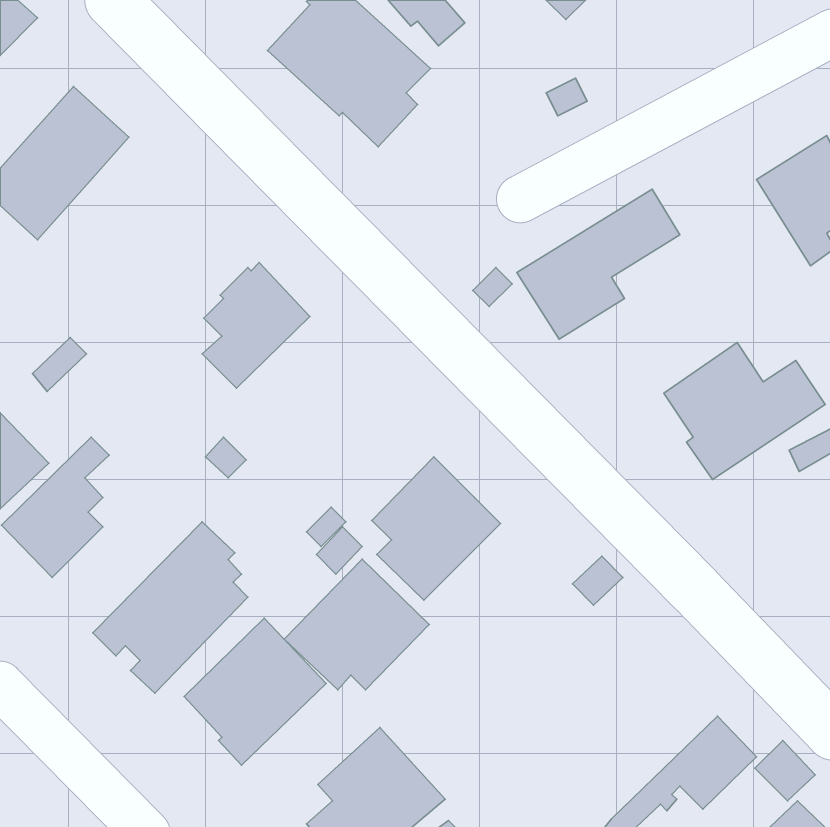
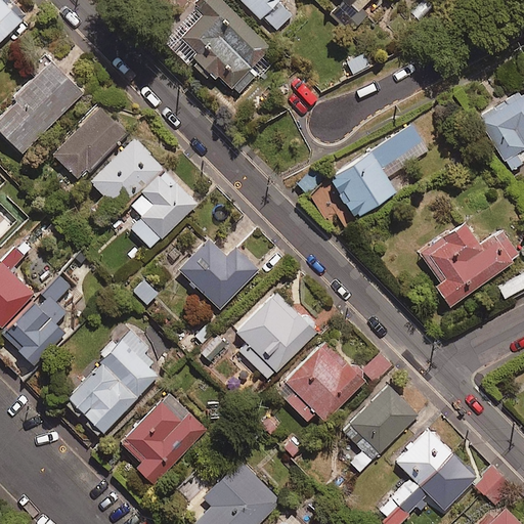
building: none -> [51,104,127,180]
building: none -> [88,136,162,210]
building: none -> [177,237,262,310]
building: [284,559,429,690] -> [274,340,365,422]
building: none -> [343,384,419,468]
building: none -> [378,429,452,518]

